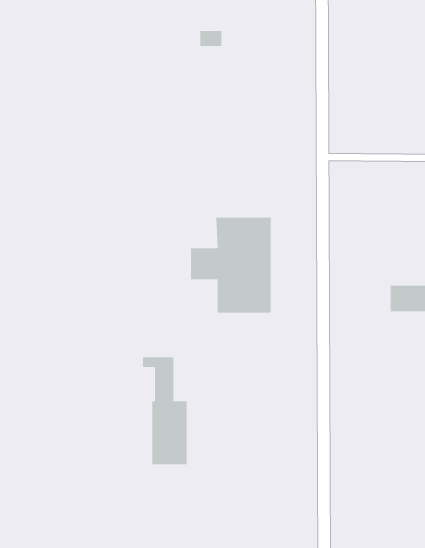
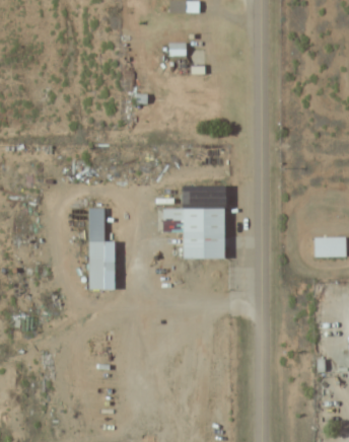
building: [142,357,187,465] -> [81,208,116,290]

